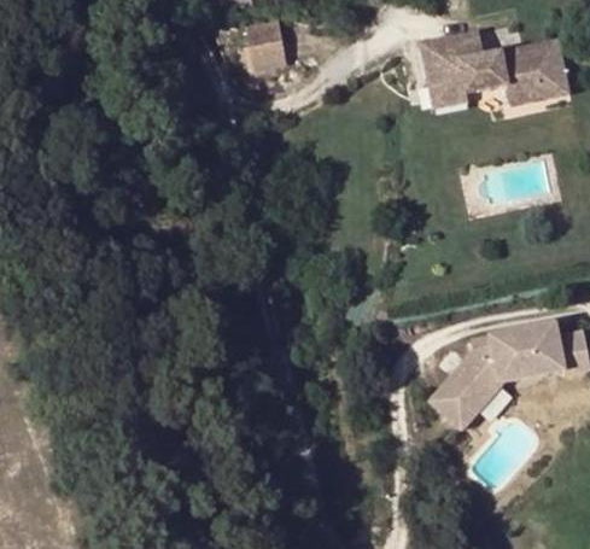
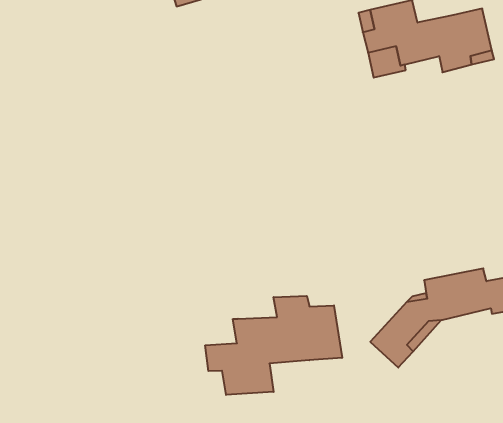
building: [244,29,286,81] -> none
building: none -> [205,296,342,395]

